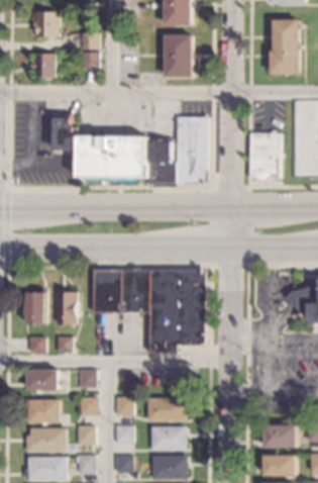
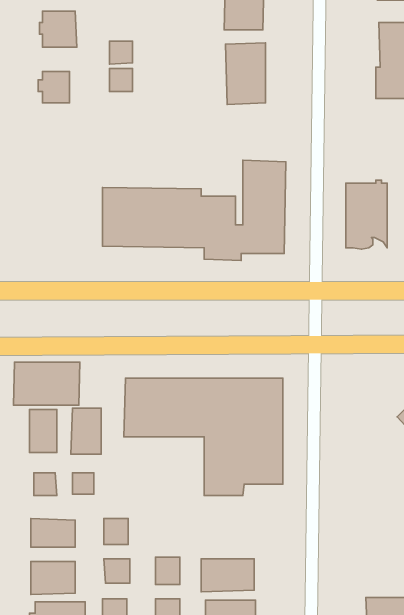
building: [54,113,74,150] -> none
building: none -> [13,362,80,405]

